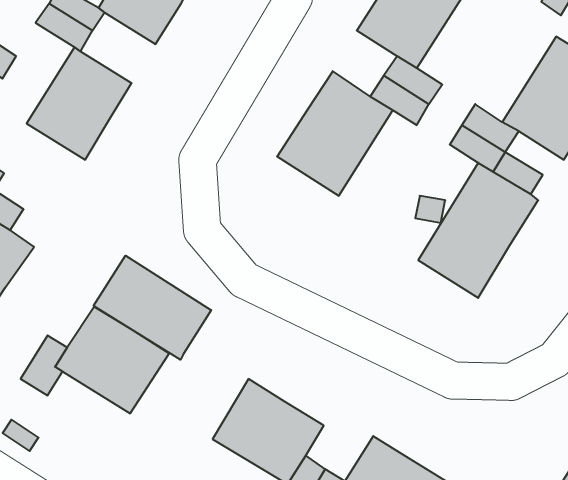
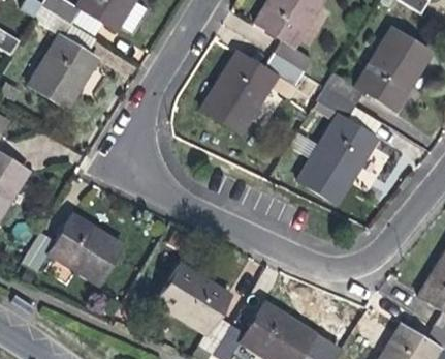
building: [94,256,211,360] -> none

